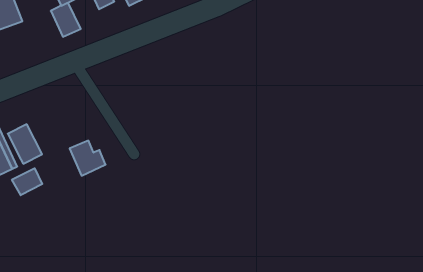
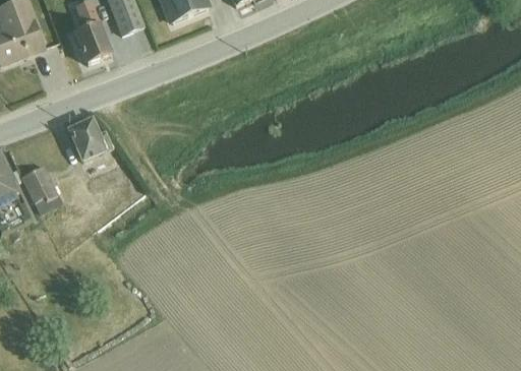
building: [70,141,106,176] -> [67,120,110,162]
building: [12,168,42,195] -> none

